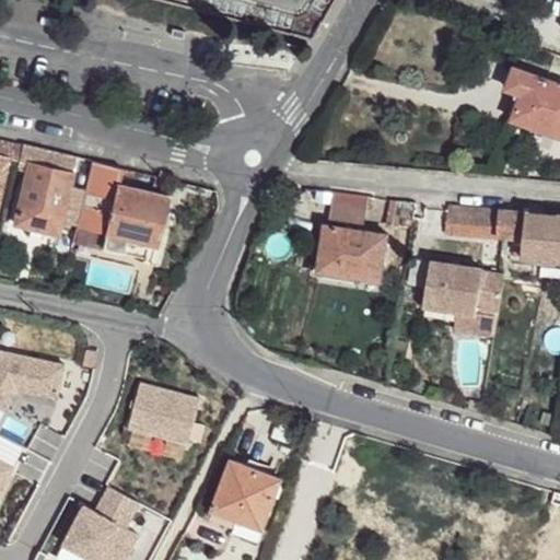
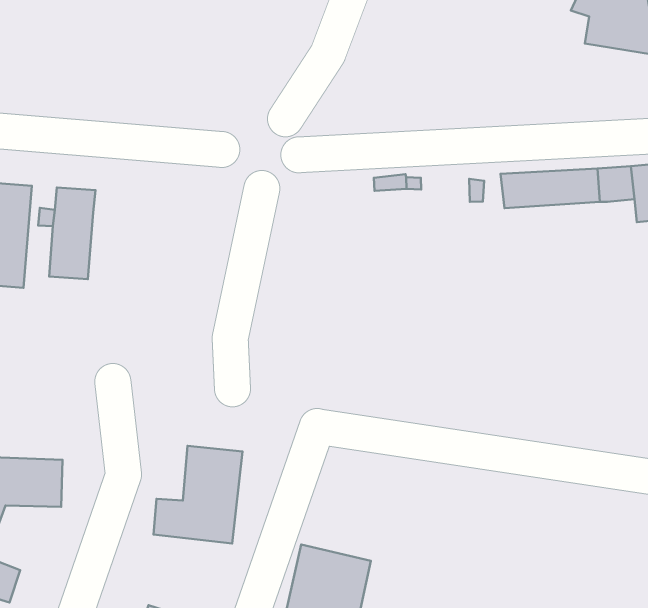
building: [102,185,167,260] -> none
building: [317,226,383,281] -> none
building: [425,264,505,338] -> none

